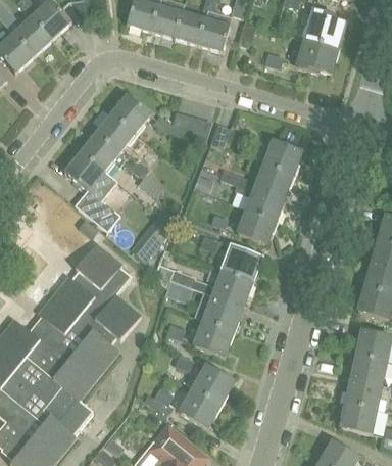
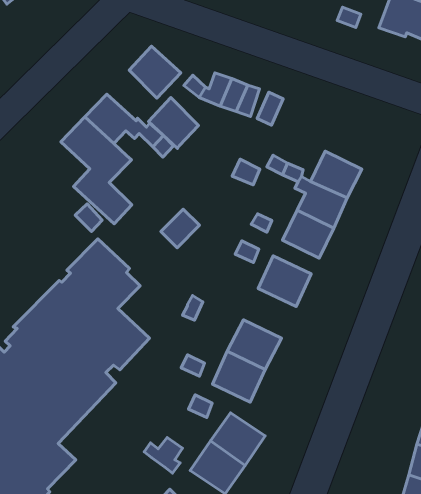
building: [96,113,134,151] -> [148,98,198,148]
building: [263,140,301,174] -> none
building: [212,270,251,306] -> none

